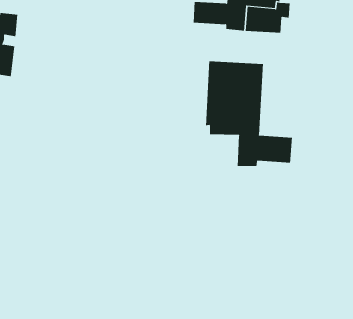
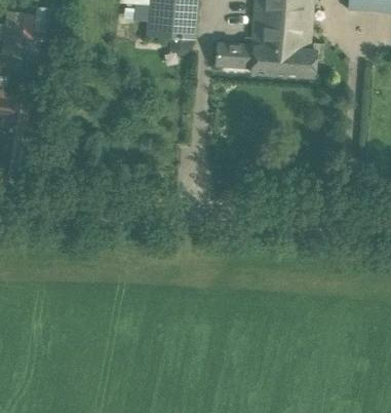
building: [206,61,292,167] -> none

